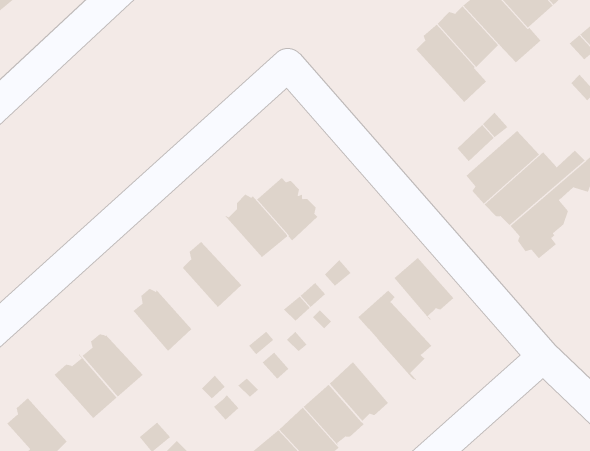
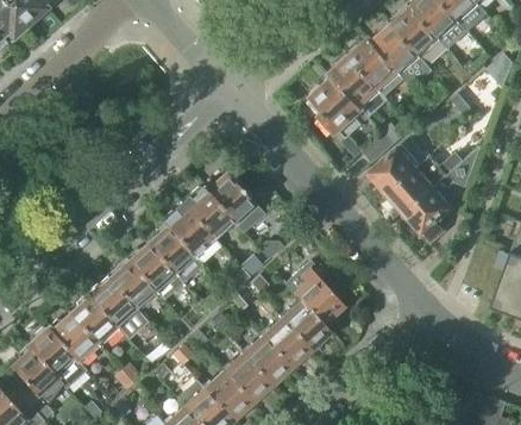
building: none -> [312,74,371,138]
building: none -> [164,204,221,264]
building: [394,257,454,321] -> [283,301,331,351]
building: none -> [128,242,177,293]
building: none -> [89,276,147,329]
building: none -> [29,327,80,381]

